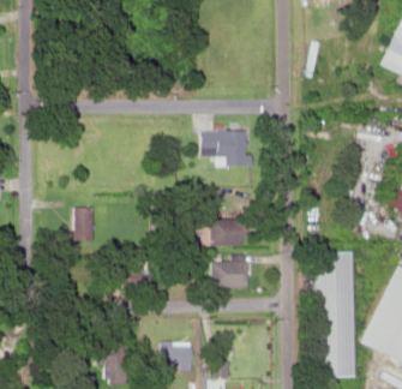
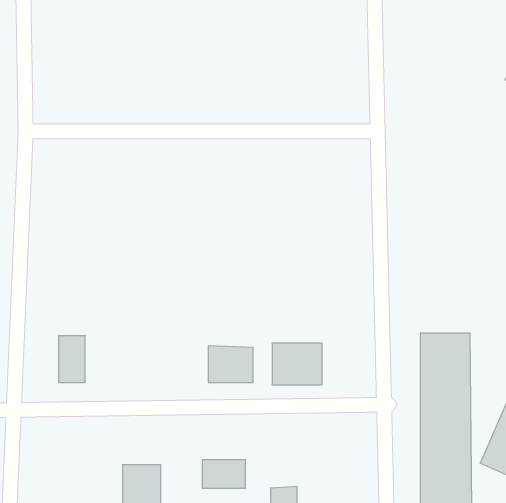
building: [202,130,248,166] -> none
building: [74,207,94,240] -> [59,336,85,382]
building: [211,219,244,245] -> [208,346,253,382]

